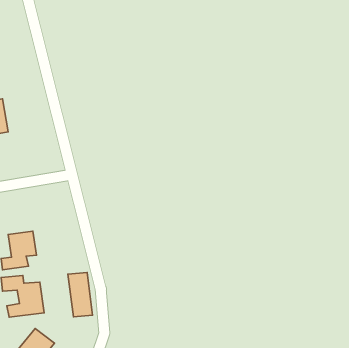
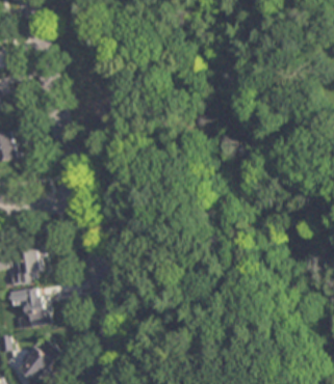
building: [68,273,93,317] -> none

